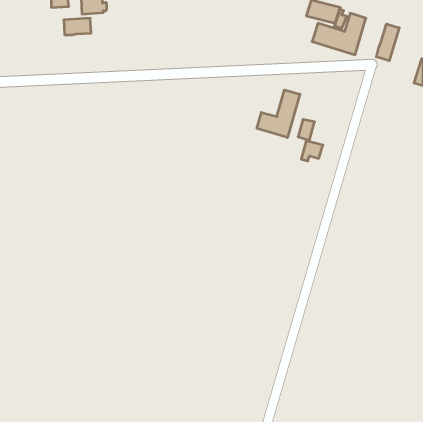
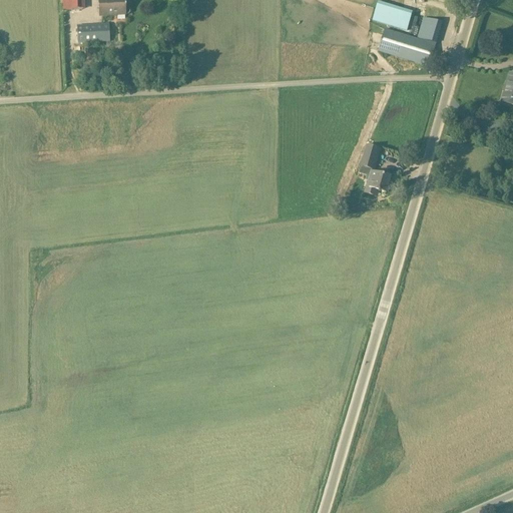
building: [376,24,399,61] -> none
building: [257,90,300,138] -> none

